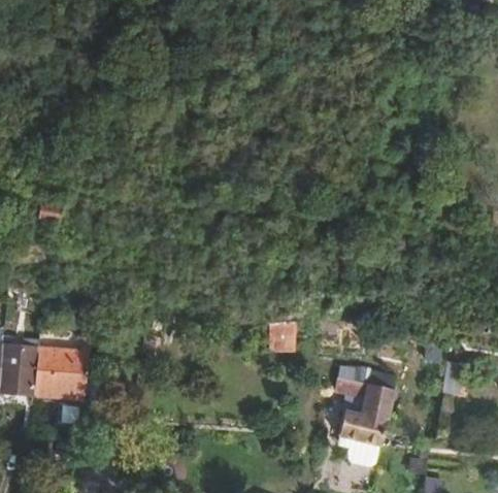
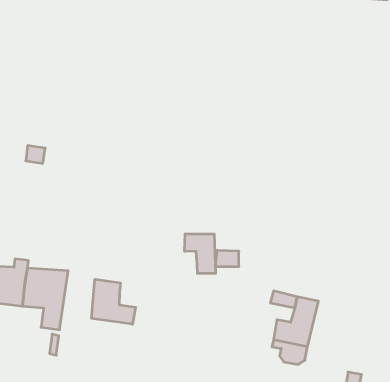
building: none -> [185,234,216,273]
building: none -> [92,279,136,324]

